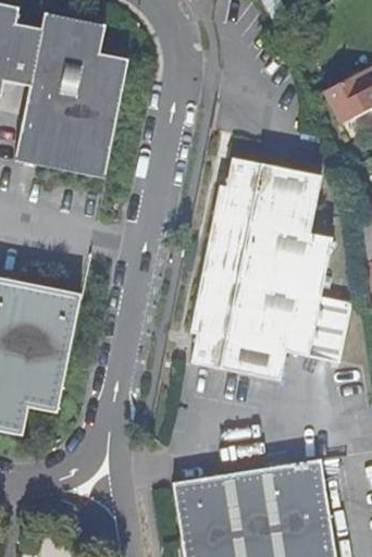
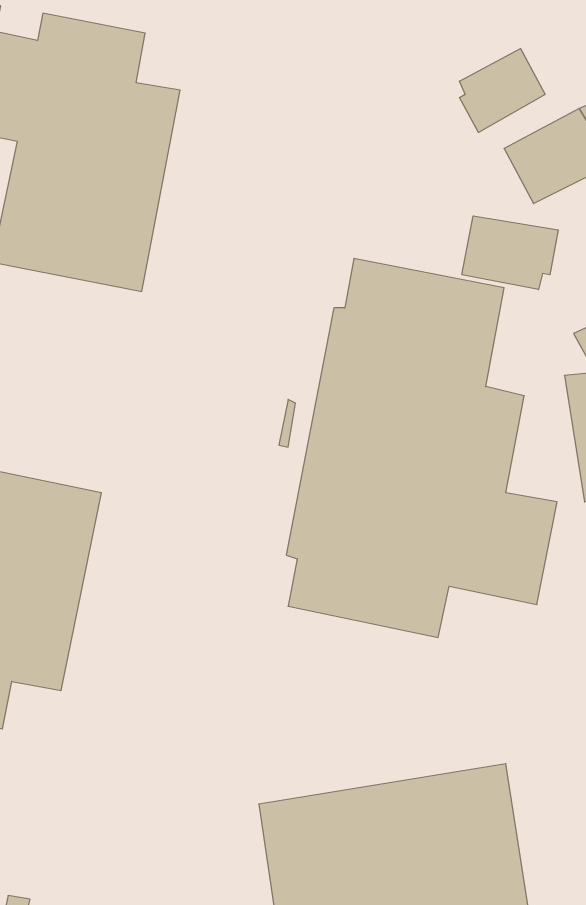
building: none -> [459,49,545,132]
building: none -> [462,216,558,290]

